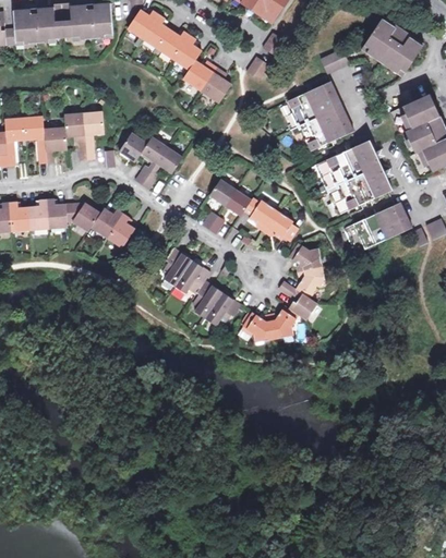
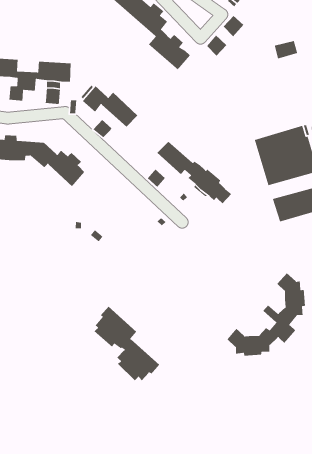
building: [289,82,353,150] -> none
building: [242,243,324,342] -> [227,273,306,357]
building: [162,248,241,327] -> [94,306,160,381]

